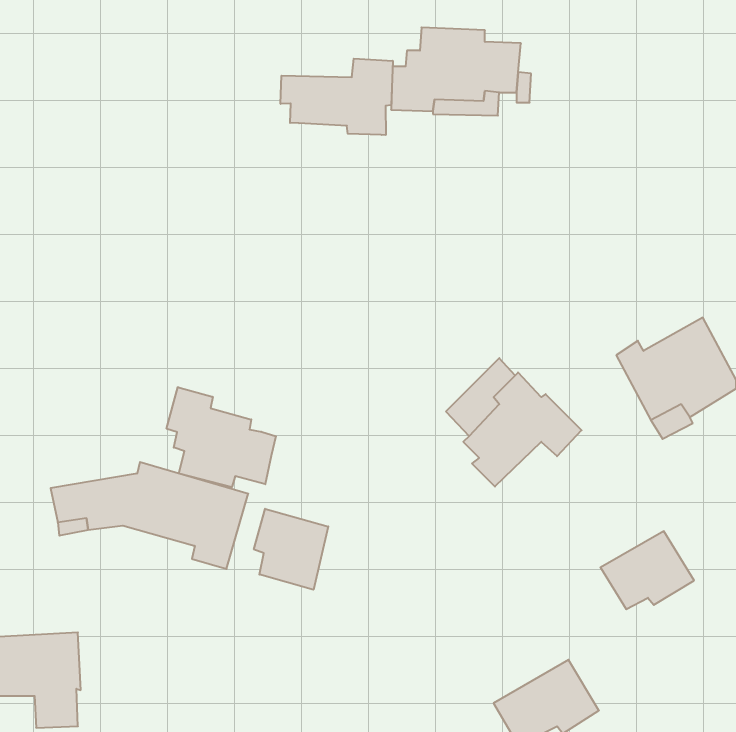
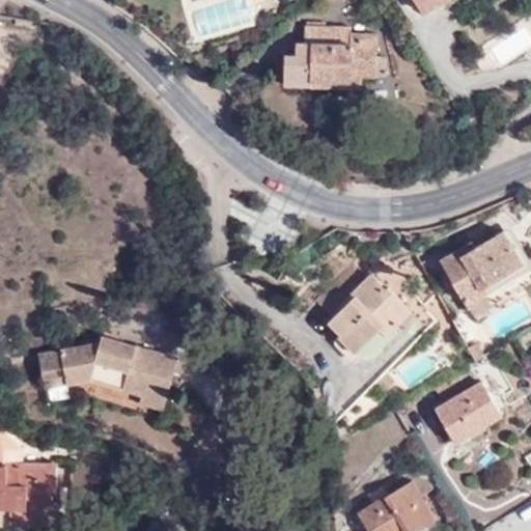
building: [281,59,393,135] -> none
building: [167,387,276,487] -> none
building: [254,509,328,590] -> none

